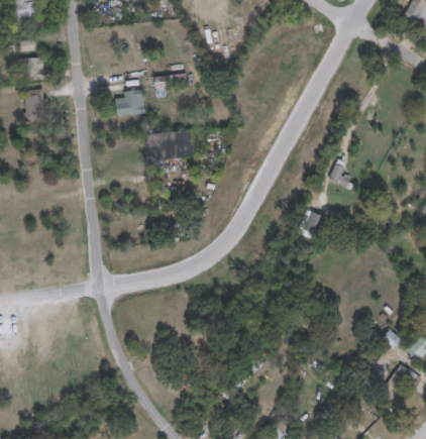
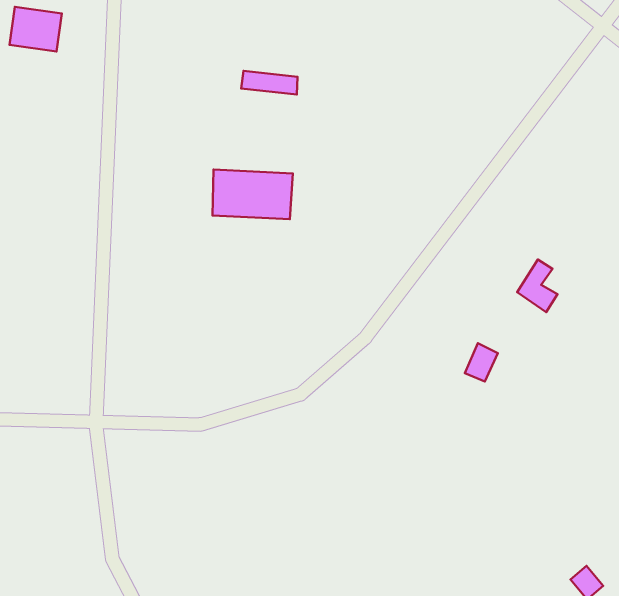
building: [25,90,47,122] -> none
building: [116,91,145,115] -> none

